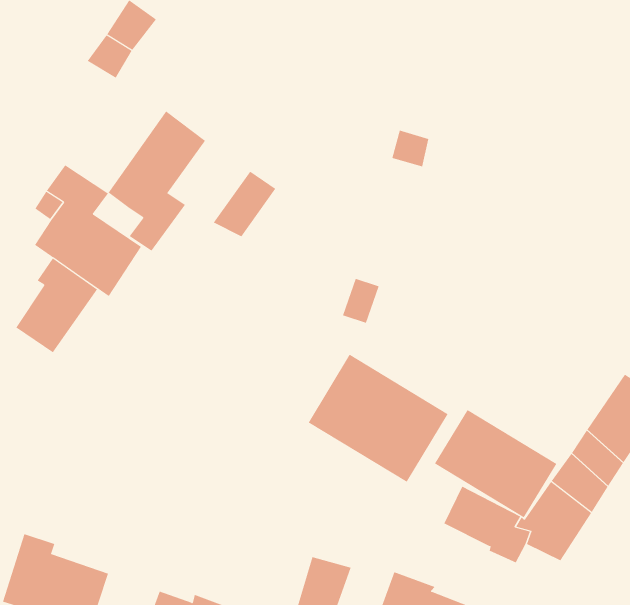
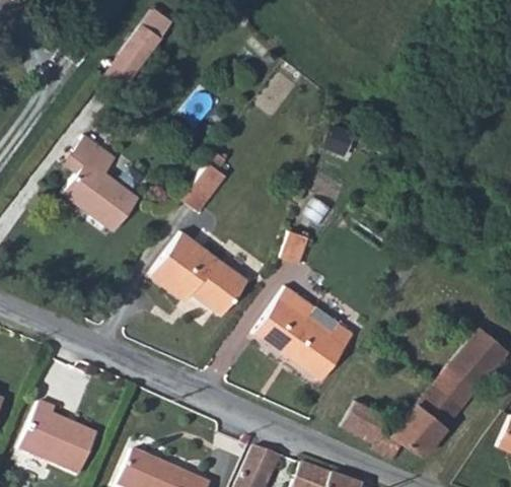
building: [108,110,206,252] -> none
building: [16,258,98,353] -> none
building: none -> [151,235,250,322]
building: [434,409,557,518] -> none

